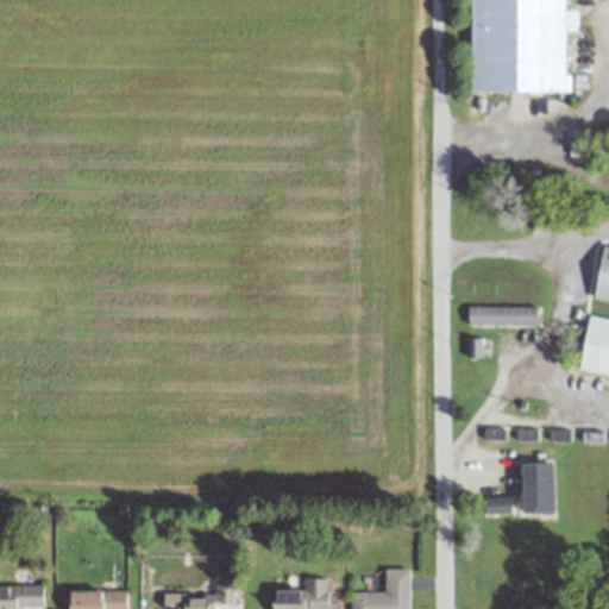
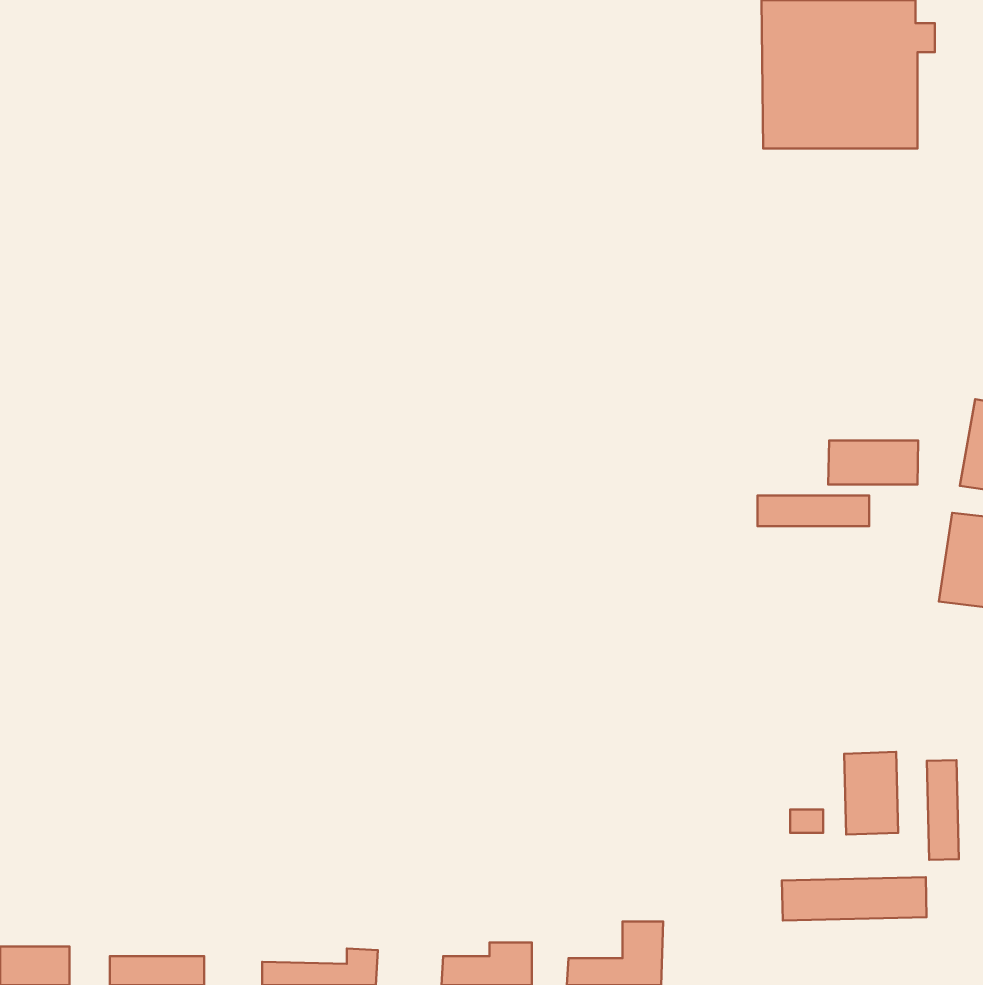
building: none -> [828,441,918,484]
building: none -> [927,760,959,860]
building: none -> [782,877,927,920]

